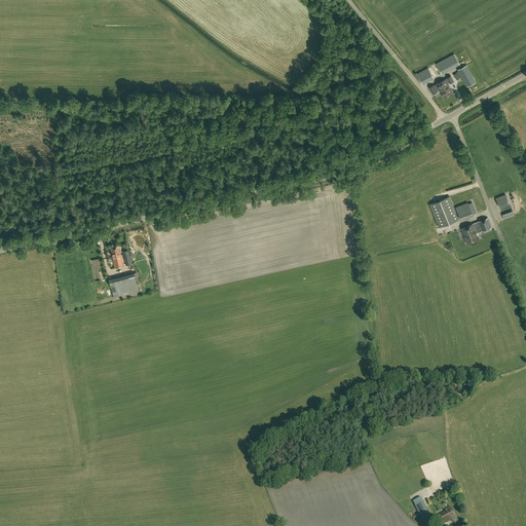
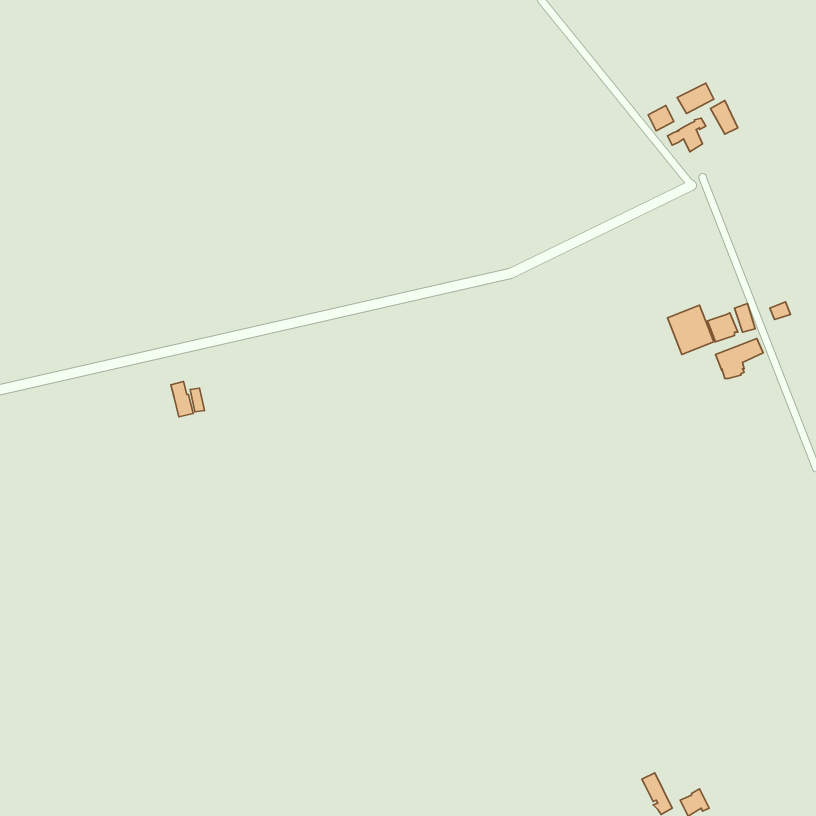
building: [110,272,139,297] -> none

